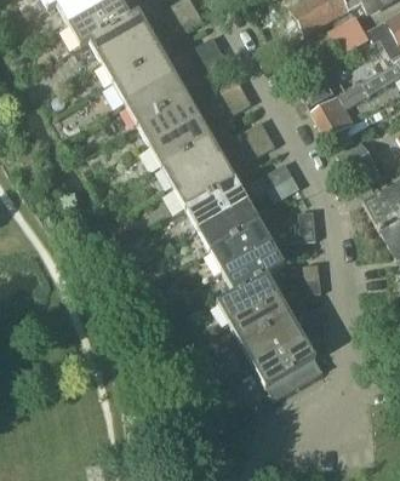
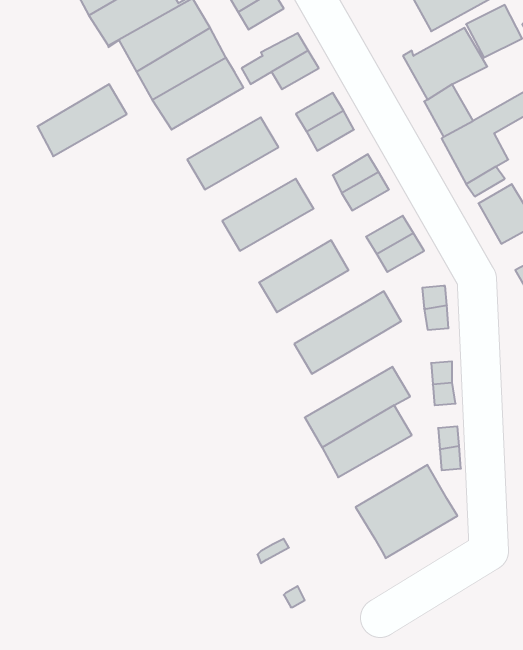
building: [126,74,188,124] -> [37,84,127,156]
building: [149,115,212,166] -> none
building: [173,158,236,208] -> none
building: [199,200,261,251] -> none
building: [223,242,284,292] -> none
building: [241,314,303,363] -> none

